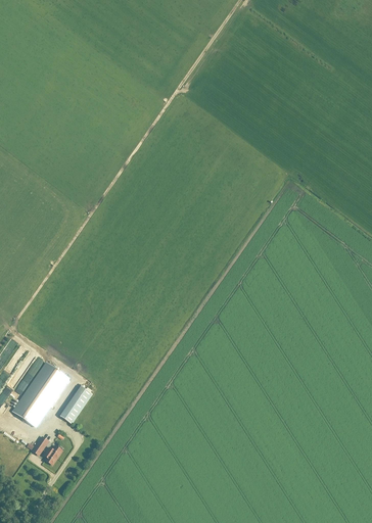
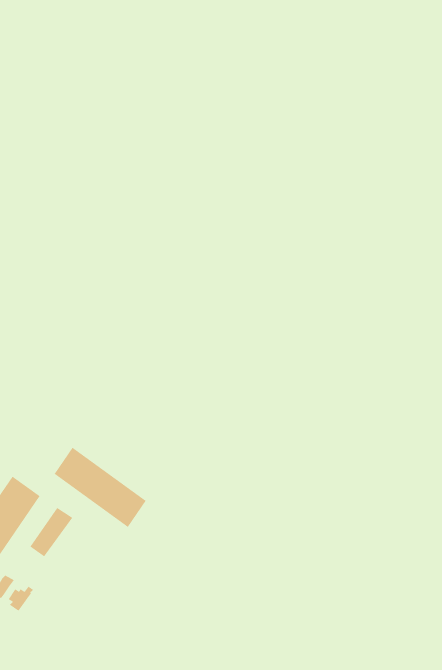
building: none -> [54,447,147,528]

